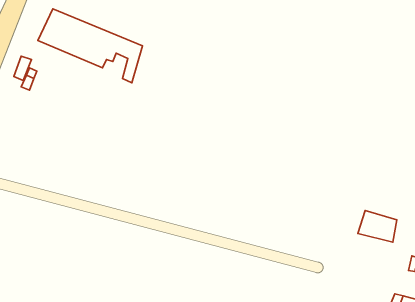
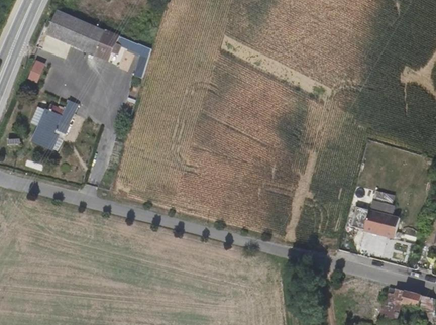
building: none -> [35,106,73,150]

